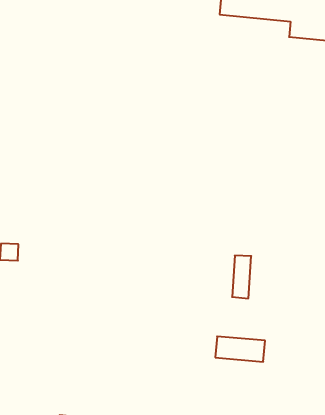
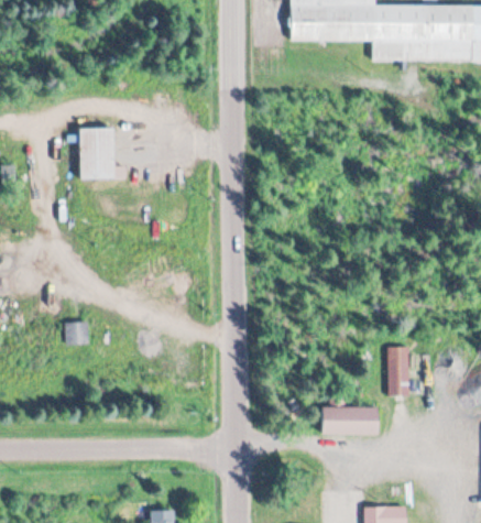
building: none -> [83,131,113,176]
building: [232,256,251,298] -> [389,346,408,394]

